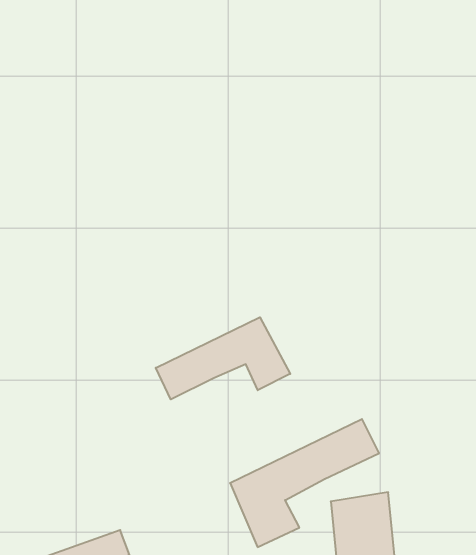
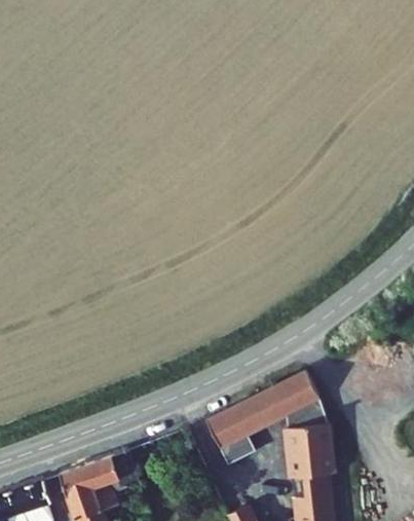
building: [156,317,290,399] -> none
building: none -> [283,396,333,434]

